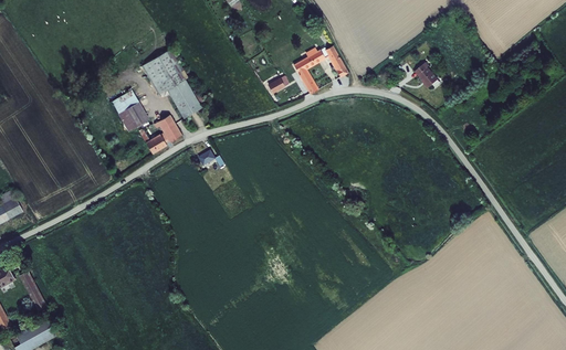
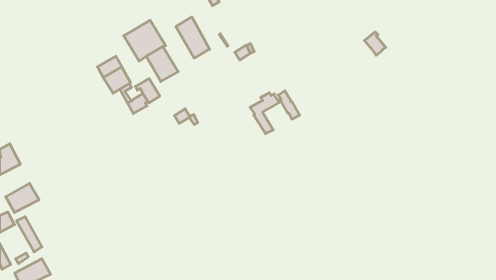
building: none -> [176,17,210,58]
building: [292,45,348,94] -> [250,91,300,134]
building: none -> [6,183,39,213]

